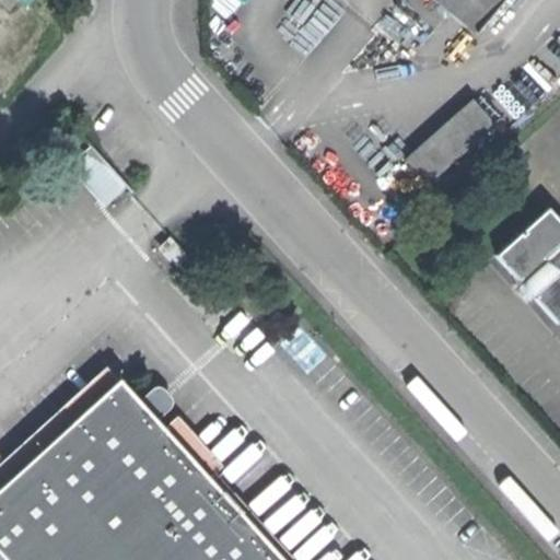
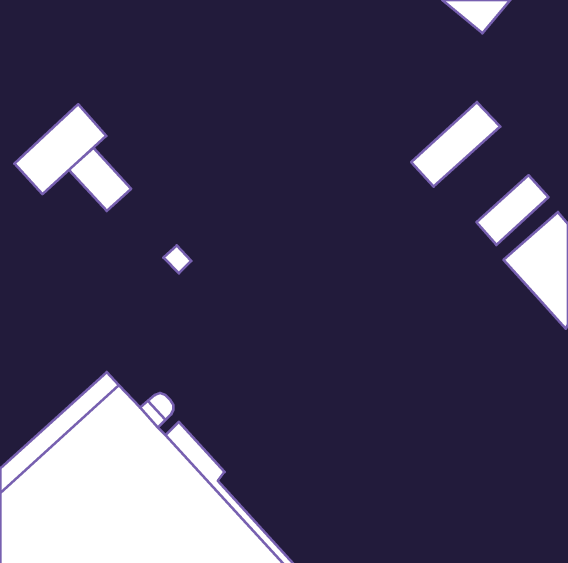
building: none -> [14,104,106,194]
building: none -> [477,175,548,245]

